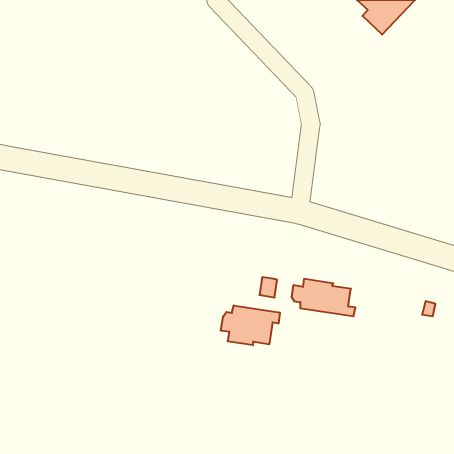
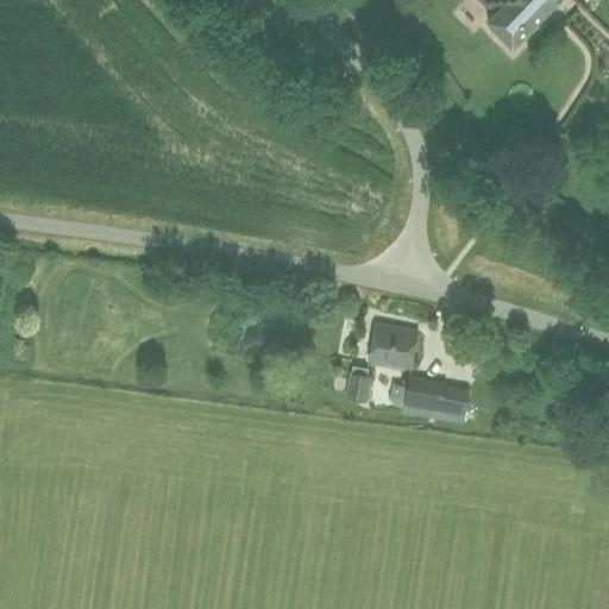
building: none -> [369,322,417,368]
building: [221,305,280,345] -> none

